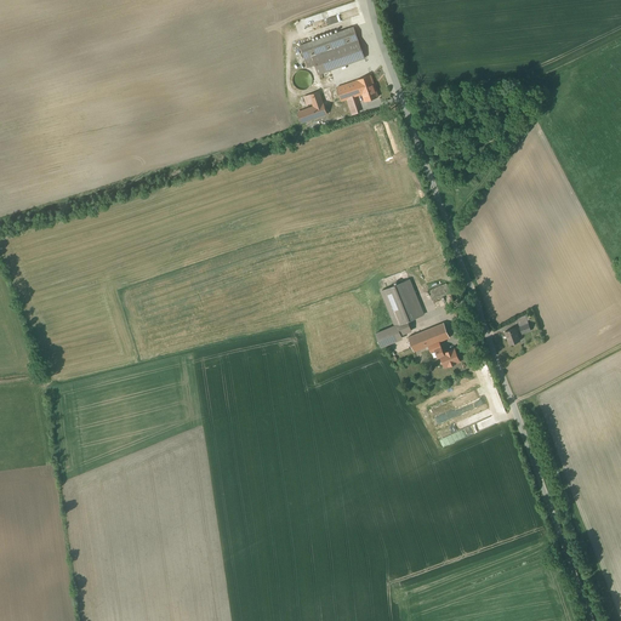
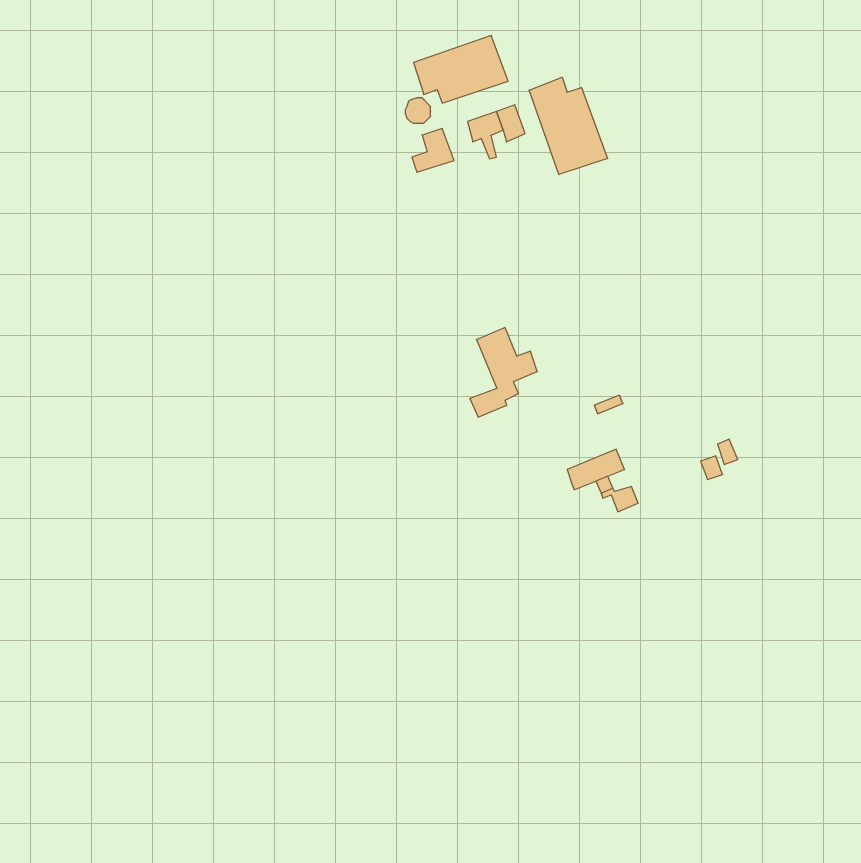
building: none -> [529,77,608,175]
building: [375,283,423,347] -> [470,328,537,417]

